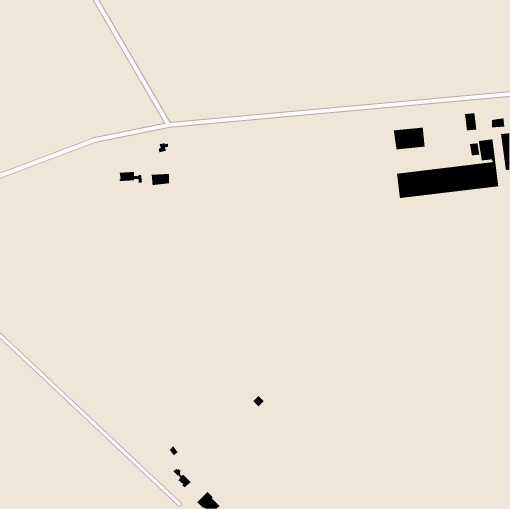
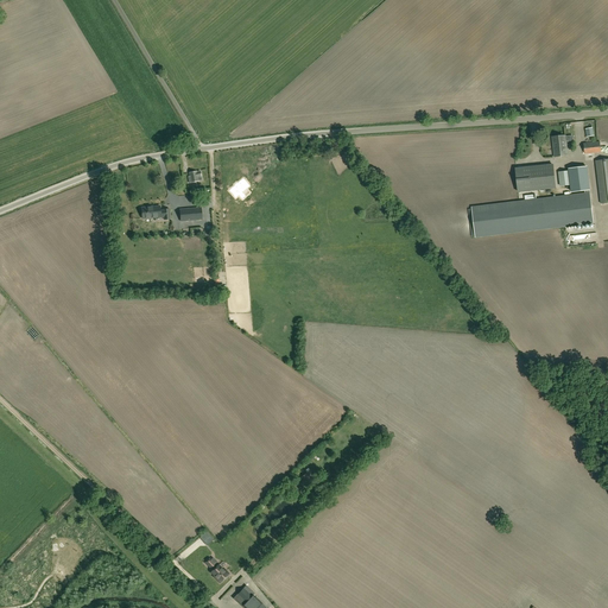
building: [393,127,426,150] -> [515,164,555,191]

